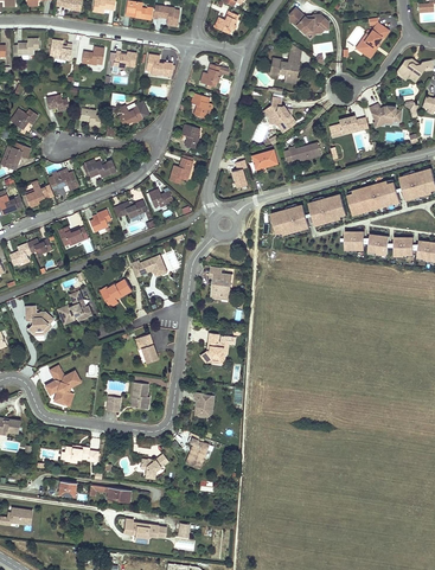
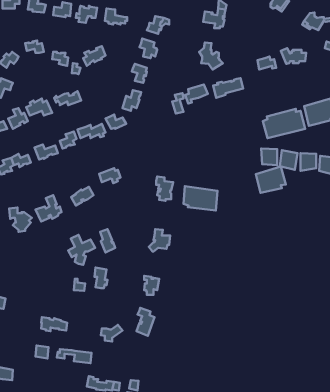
building: [308,194,346,228] -> [256,167,286,193]
building: [269,205,308,237] -> none
building: none -> [184,186,218,210]
building: [46,365,81,403] -> [68,235,95,265]

